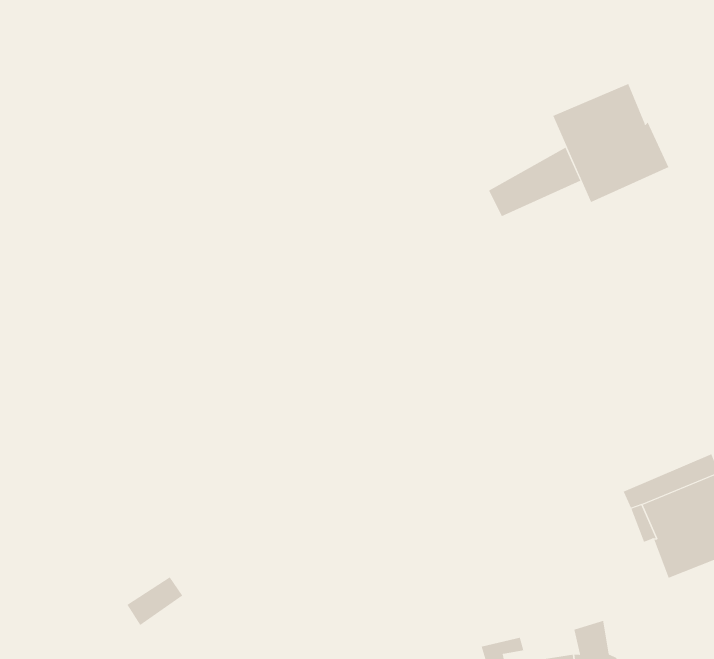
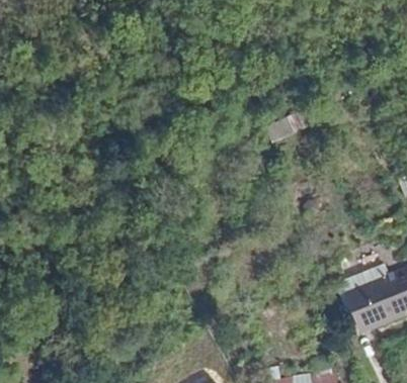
building: [552,83,669,203] -> none

